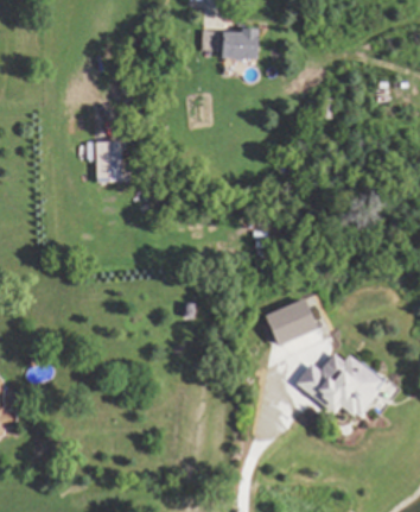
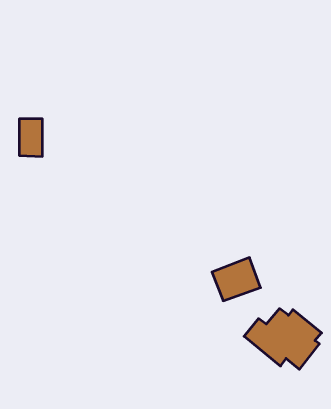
building: [206,27,263,58] -> none
building: [100,141,125,182] -> [19,119,42,156]

